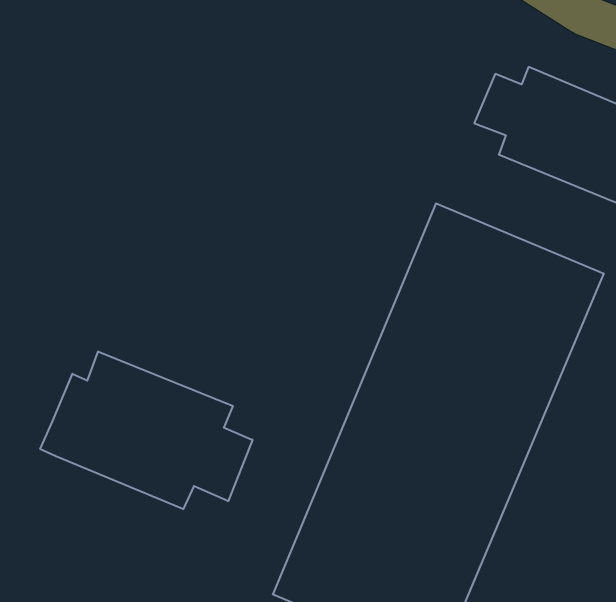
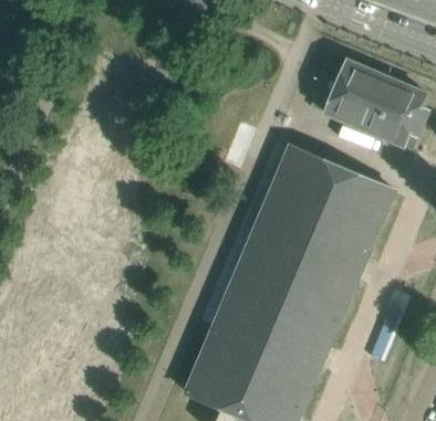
building: [40,351,253,509] -> none

